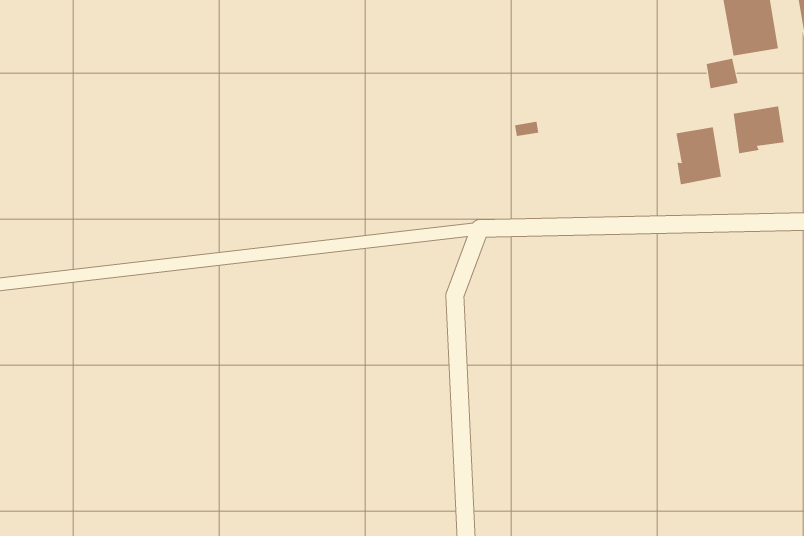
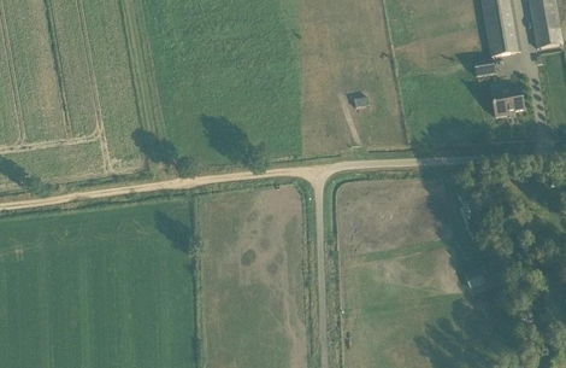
building: [676,126,721,185] -> none

